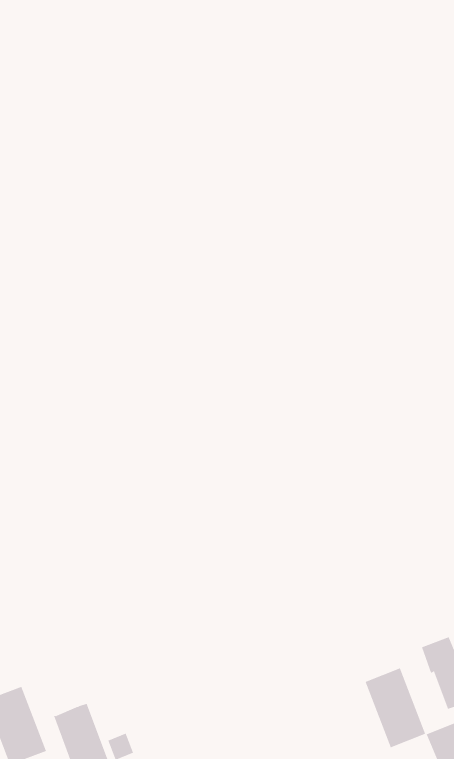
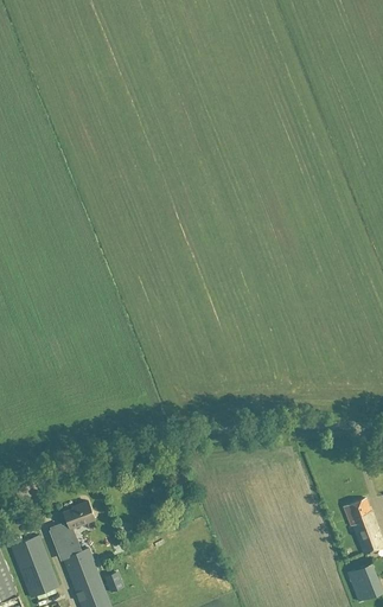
building: none -> [50,501,94,558]
building: [365,668,426,748] -> none

